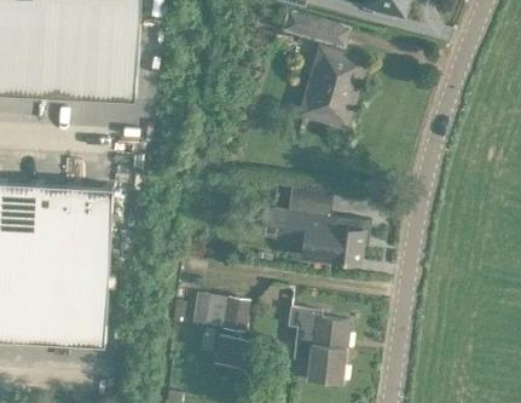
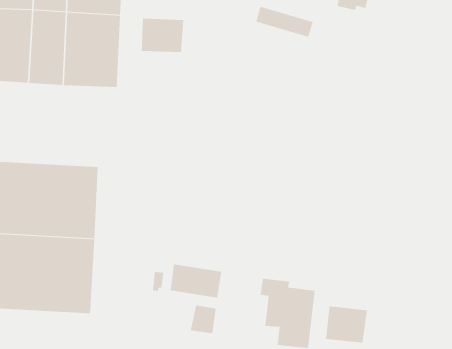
building: none -> [141,18,184,53]
building: [301,48,363,123] -> none
building: [260,186,369,263] -> none
building: none -> [326,305,368,344]

